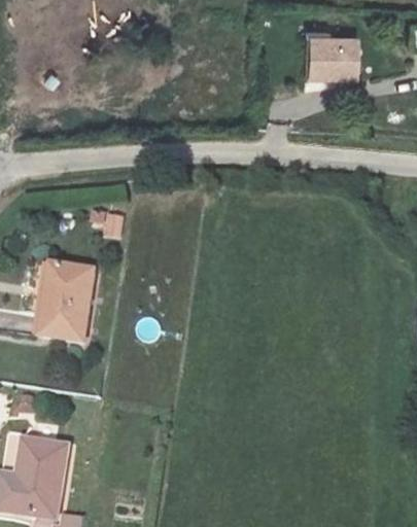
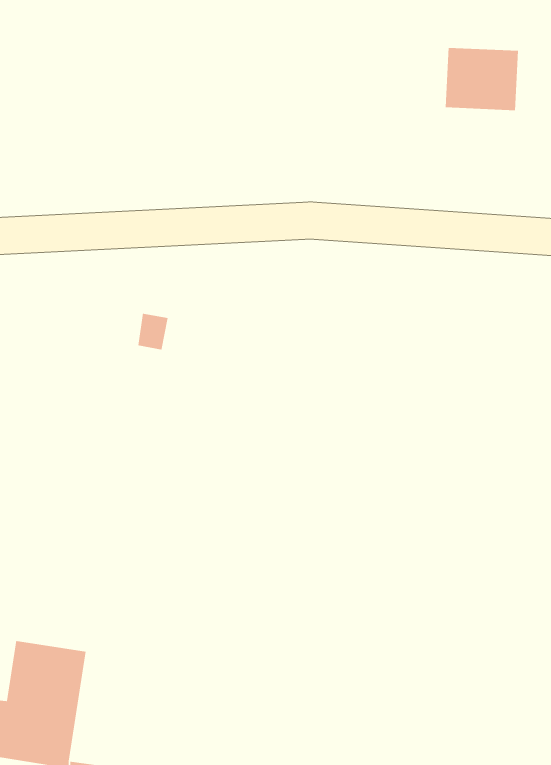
building: [35,258,93,338] -> none

